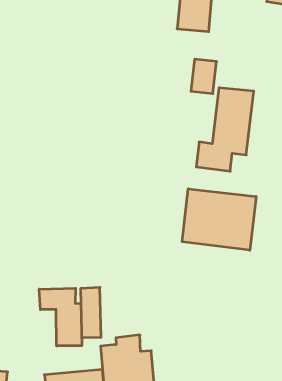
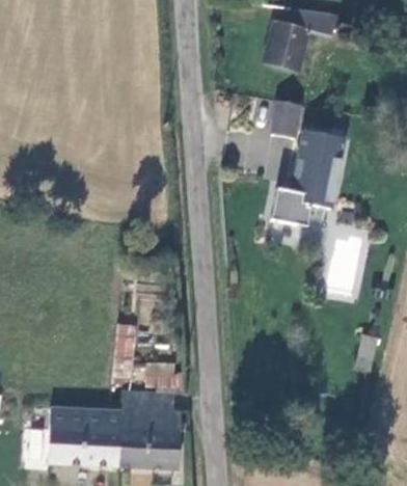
building: [182,189,256,250] -> none
building: [39,288,82,346] -> none

